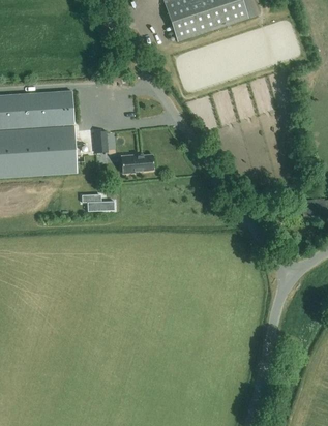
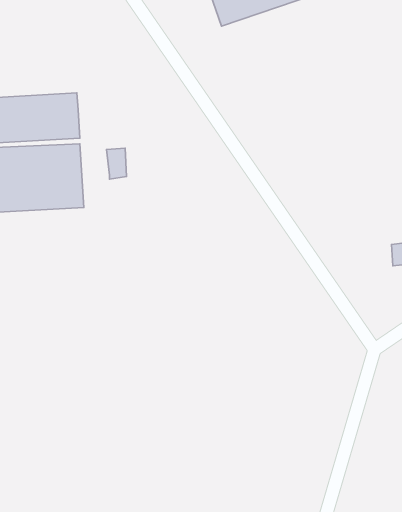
building: [121,154,153,173] -> none
building: [82,193,114,211] -> none

